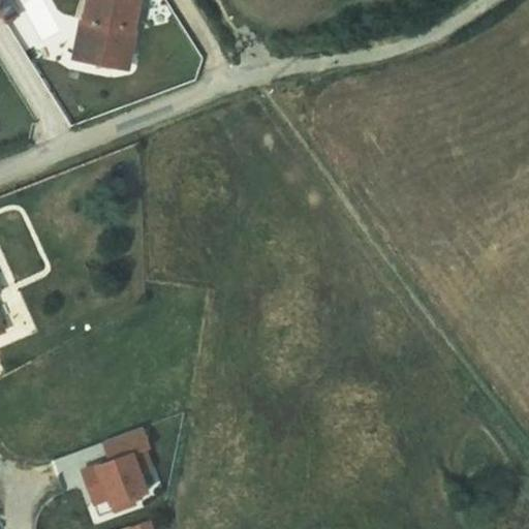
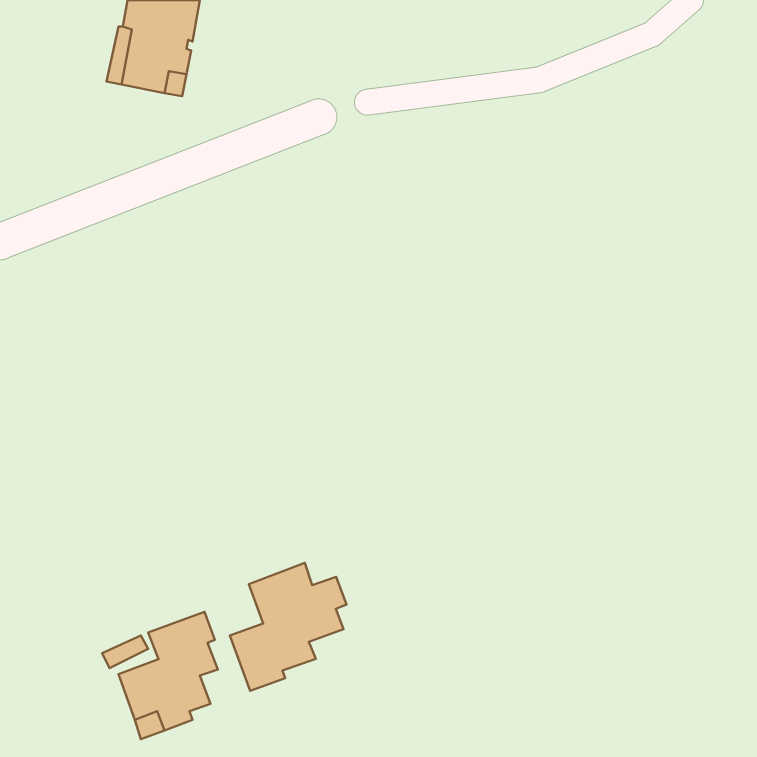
building: none -> [230,563,347,691]

